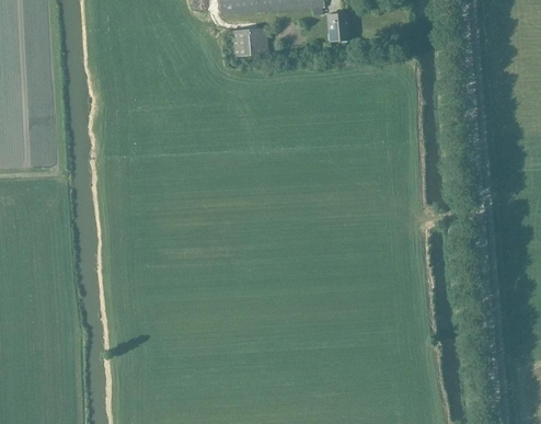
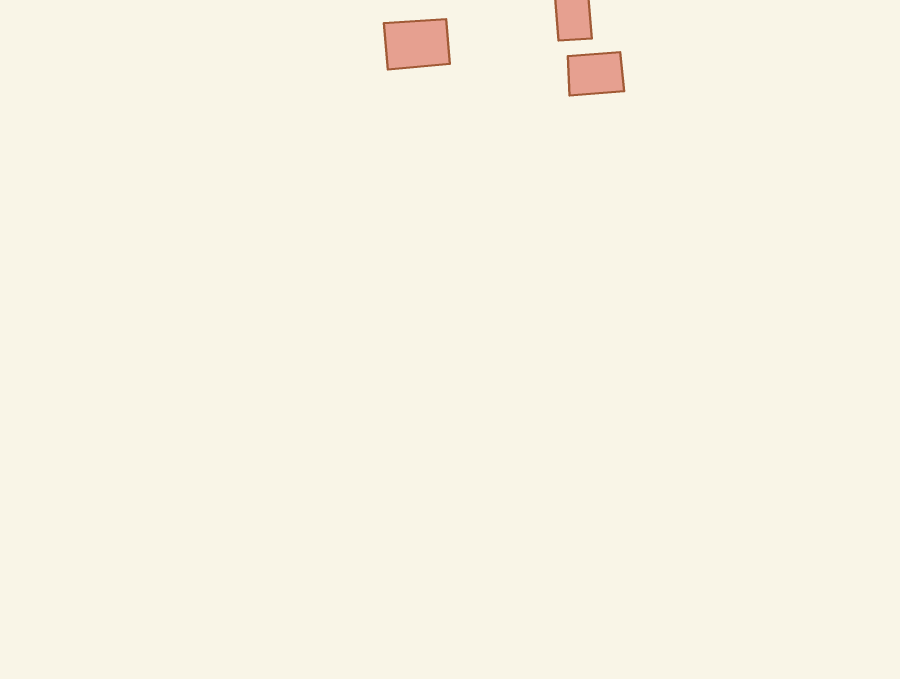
building: none -> [568,52,624,96]

